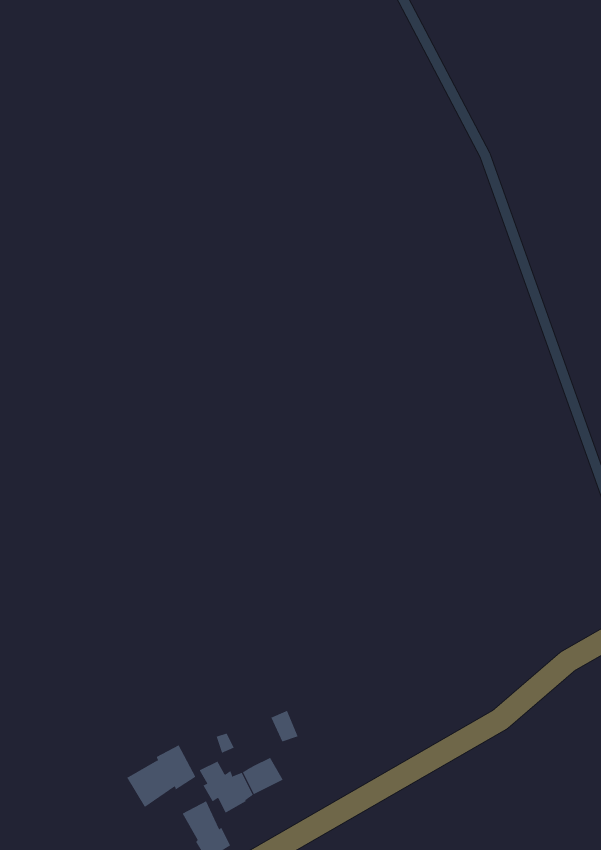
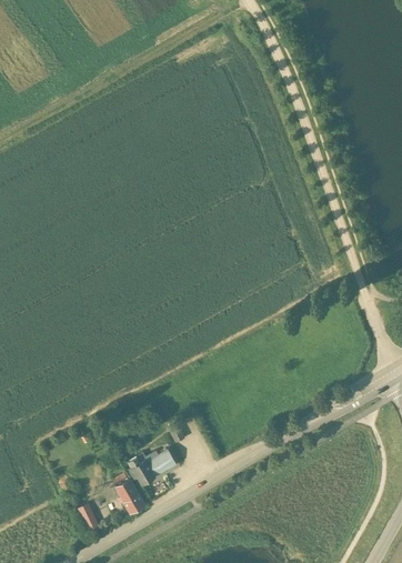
building: [127,744,196,808] -> none

